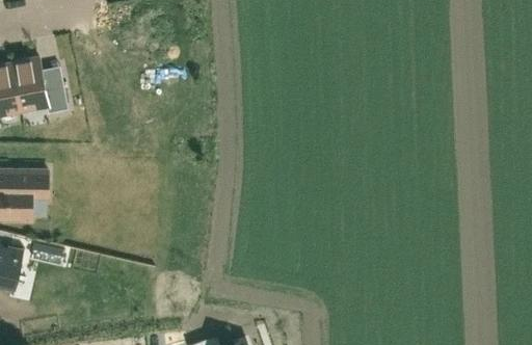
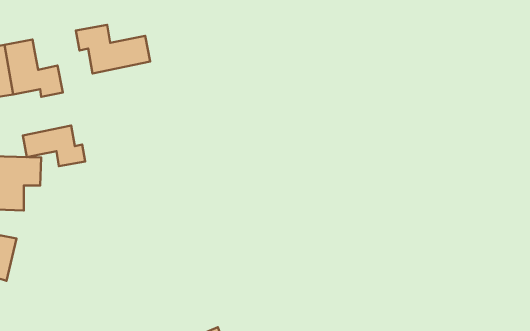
building: none -> [76,25,150,73]
building: none -> [23,125,85,166]

